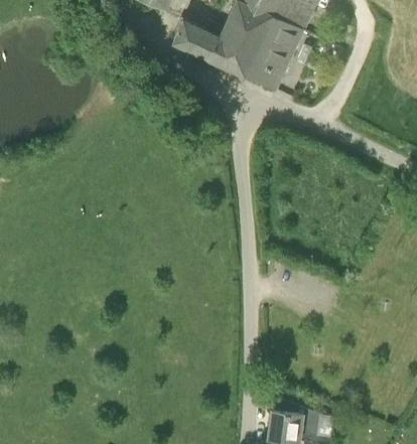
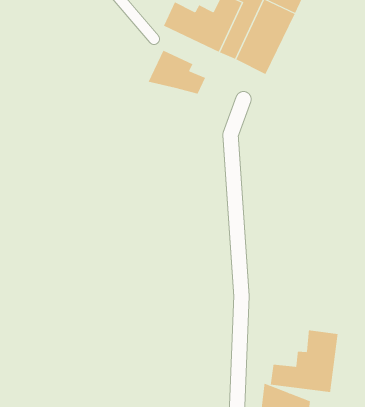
building: none -> [148,50,206,94]
building: none -> [270,330,338,393]

